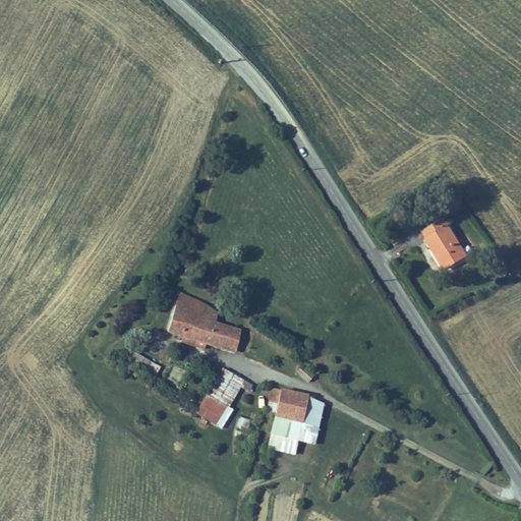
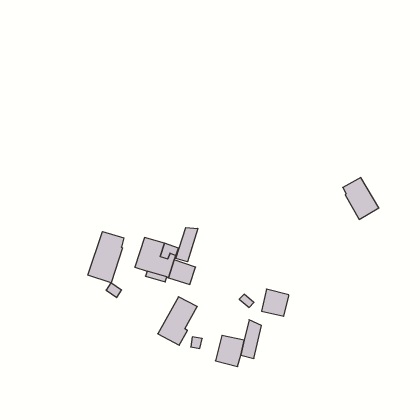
building: none -> [176,228,198,262]
building: none -> [88,232,124,283]
building: [275,388,308,421] -> [262,289,289,316]

